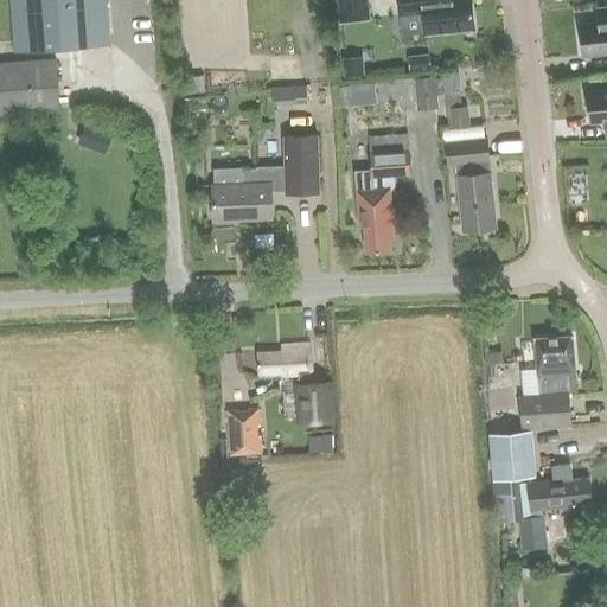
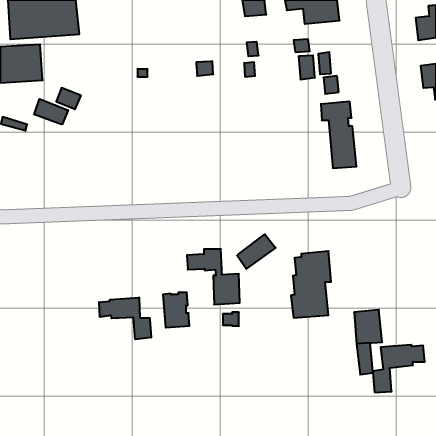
building: [354,134,410,251] -> none
building: [213,135,318,221] -> none
building: none -> [34,99,68,124]
building: none -> [237,234,276,269]
building: [518,334,574,427] -> [291,251,331,318]
building: none -> [99,297,151,339]

